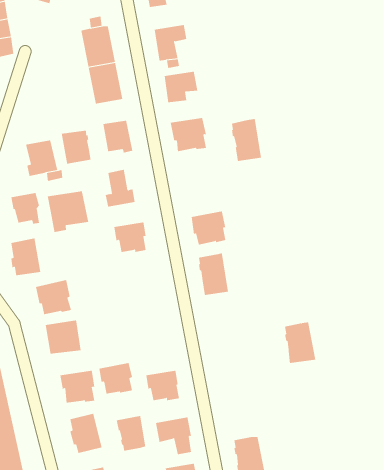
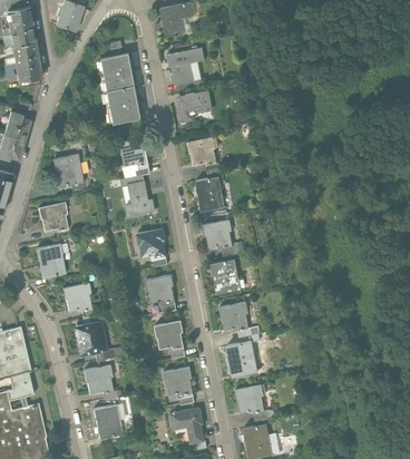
building: [231,118,262,161] -> [194,173,222,212]
building: [61,130,91,165] -> none
building: [47,190,89,233] -> none
building: none -> [144,275,175,303]
building: none -> [216,302,250,333]
building: [284,322,316,363] -> [226,340,255,378]
building: [98,362,133,394] -> [154,320,185,349]
building: none -> [233,384,266,416]
building: [116,415,146,451] -> none

